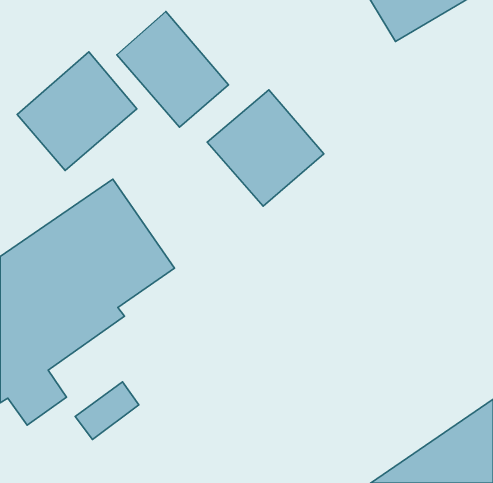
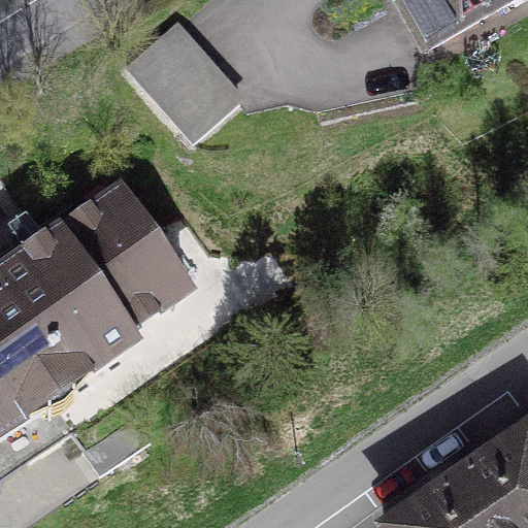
building: [17,52,137,170] -> none
building: [207,90,324,206] -> none

